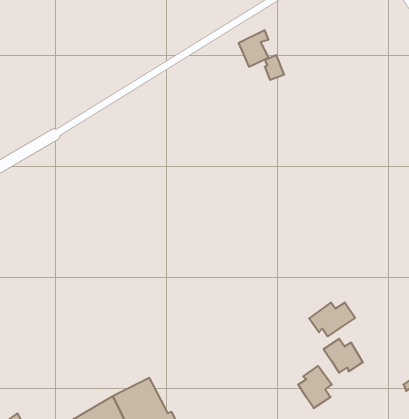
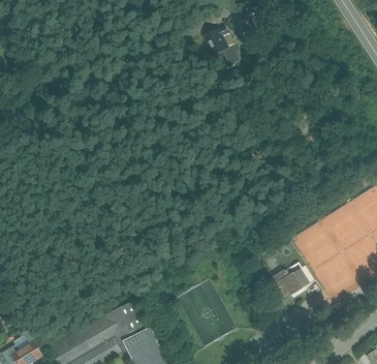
building: [309,302,355,336] -> none
building: [298,366,332,408] -> none

